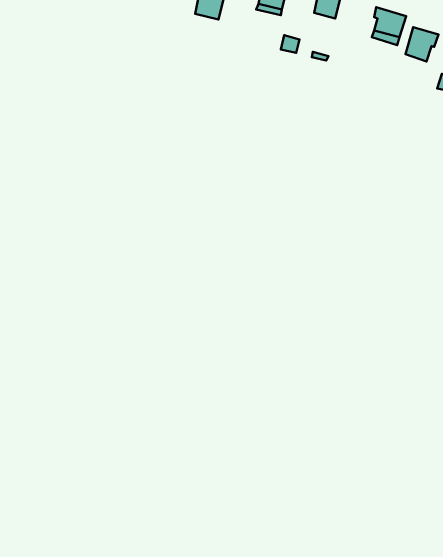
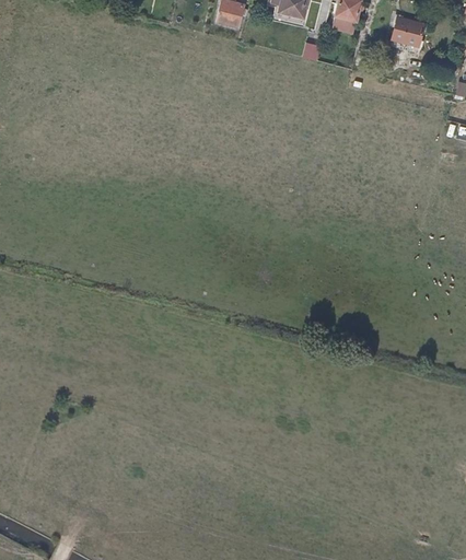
building: [405,27,439,62] -> none

